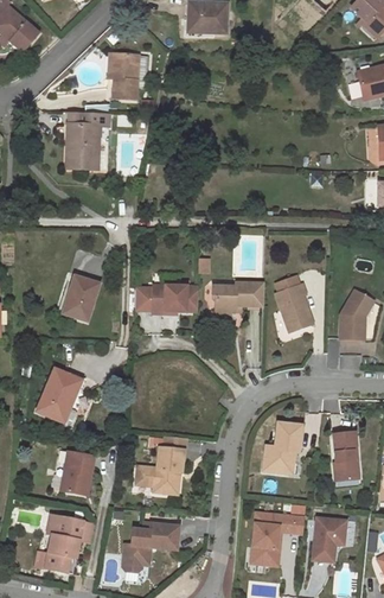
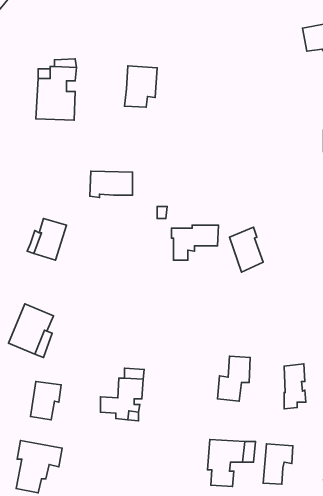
building: [111,53,147,98] -> [124,66,157,107]
building: [149,285,196,313] -> [90,171,132,197]
building: [338,291,369,339] -> none
building: [123,523,178,571] -> none

